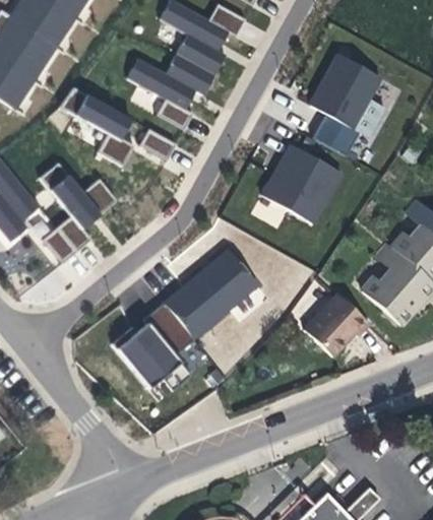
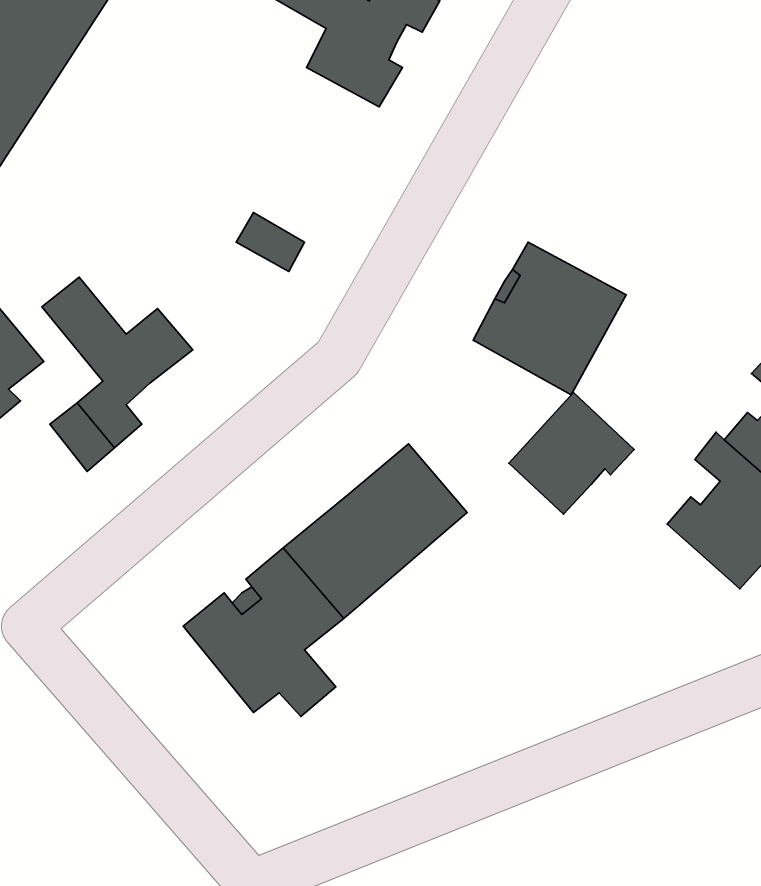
building: [127,54,213,129] -> none
building: [310,54,384,155] -> none
building: [59,86,134,166] -> none
building: [305,294,370,356] -> [509,393,634,514]

